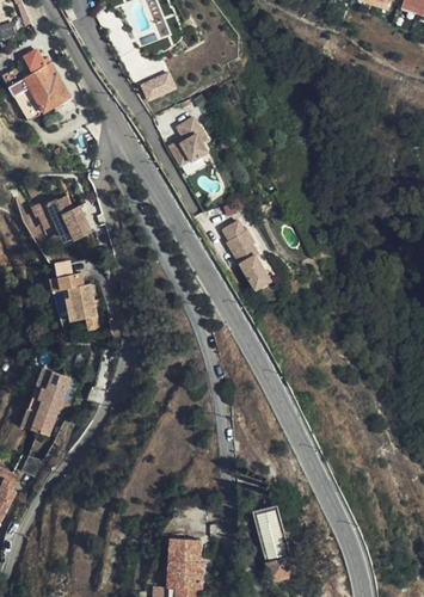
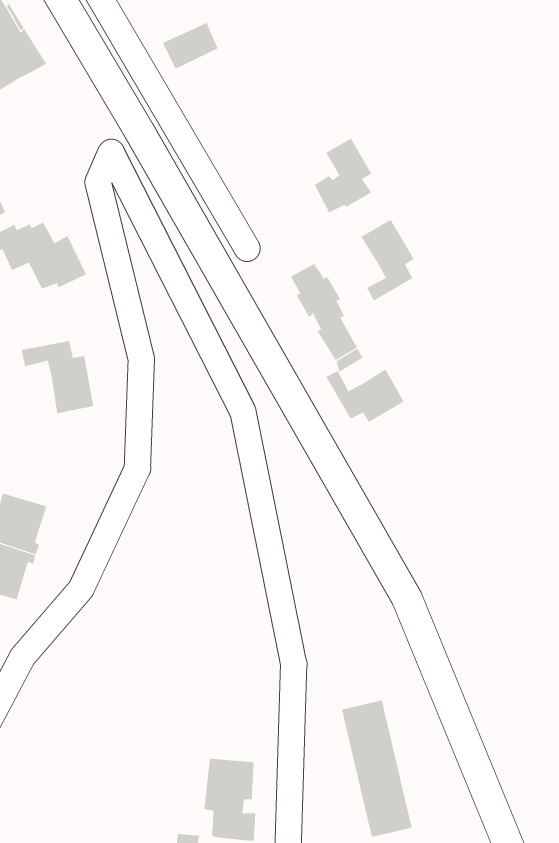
building: [171,118,208,166] -> [314,138,372,213]
building: none -> [360,219,415,301]
building: none -> [326,369,404,423]

